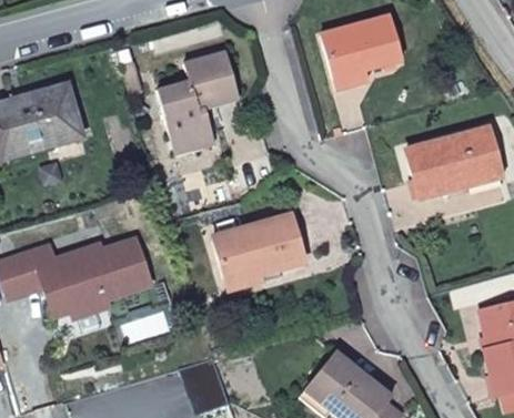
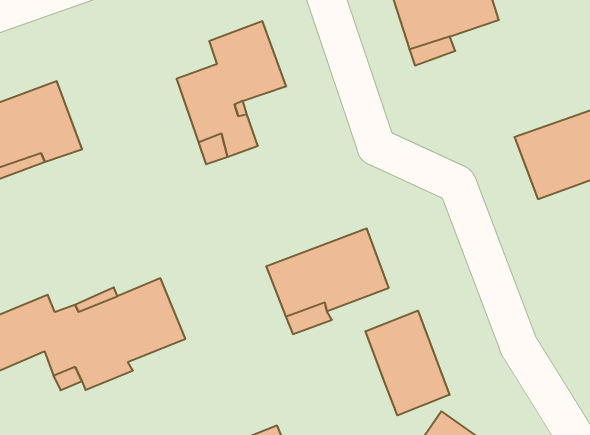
building: none -> [366,311,450,415]

